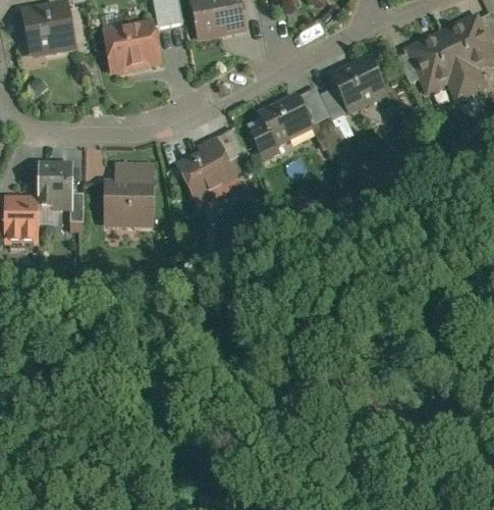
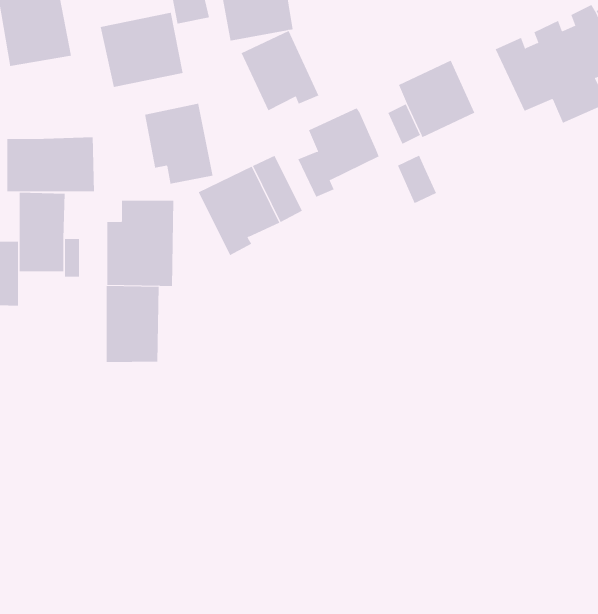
building: none -> [241,30,319,111]
building: [298,86,329,123] -> [397,155,437,204]
building: none -> [145,103,213,184]
building: none -> [7,137,95,192]
building: none -> [106,285,159,363]

